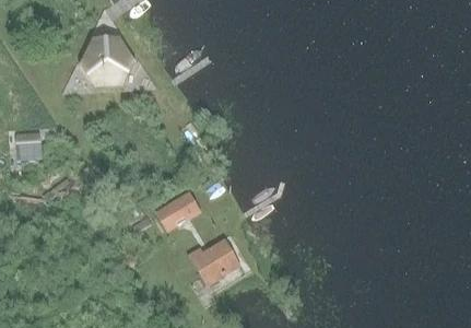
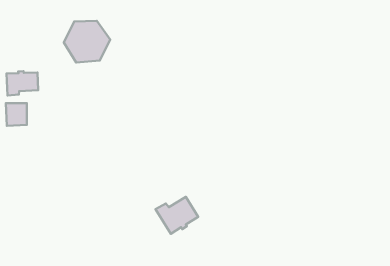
building: none -> [7,71,38,96]
building: [156,189,203,231] -> none

